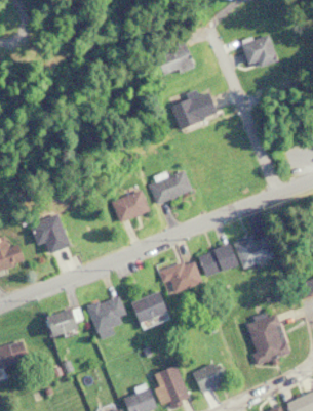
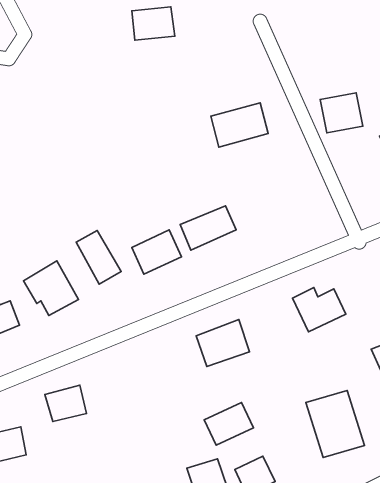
building: [242,36,275,67] -> [320,93,363,133]
building: [160,48,193,74] -> [132,7,175,40]
building: none -> [76,231,121,284]
building: [198,244,239,277] -> none
building: [130,291,168,324] -> [204,402,254,445]
building: [87,294,127,339] -> none

